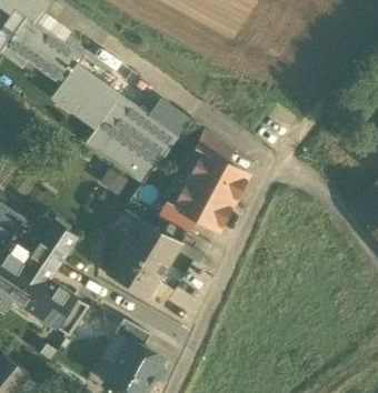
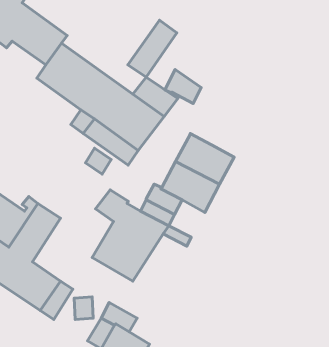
building: none -> [128,20,177,77]
building: [197,131,232,164] -> [165,70,201,103]

